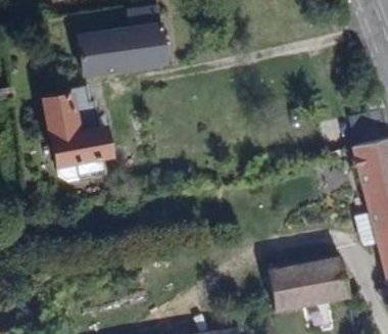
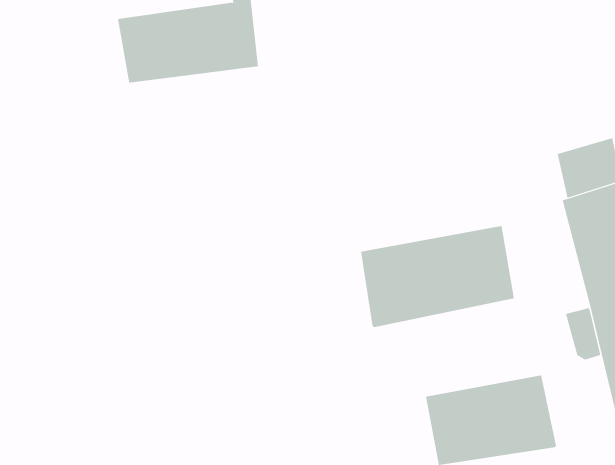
building: [44,84,111,181] -> none
building: none -> [360,225,515,328]

